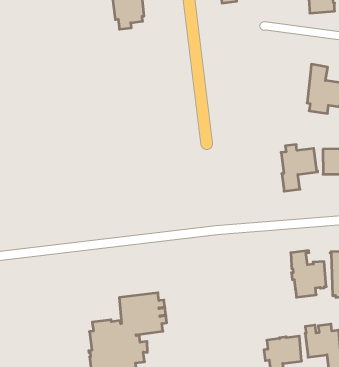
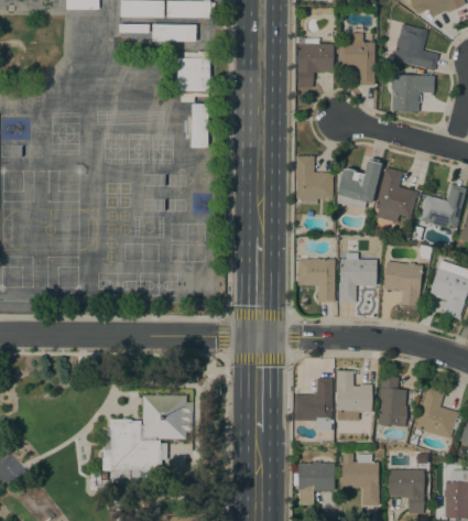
building: none -> [191,102,208,146]
building: none -> [337,158,382,209]
building: none -> [295,155,334,204]
building: none -> [298,258,335,302]
building: none -> [295,378,333,430]

